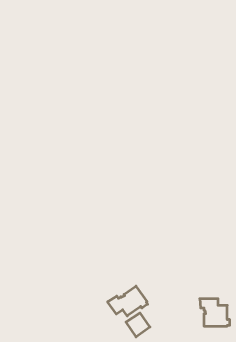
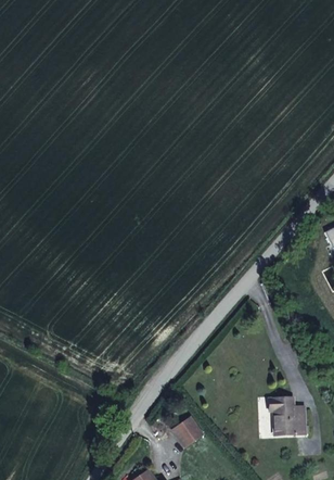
building: [108,286,148,316] -> none

